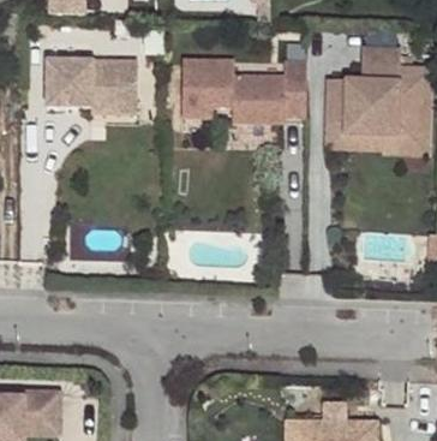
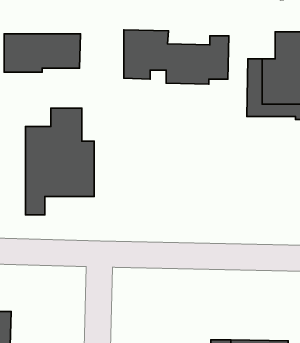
building: none -> [26,108,94,215]

